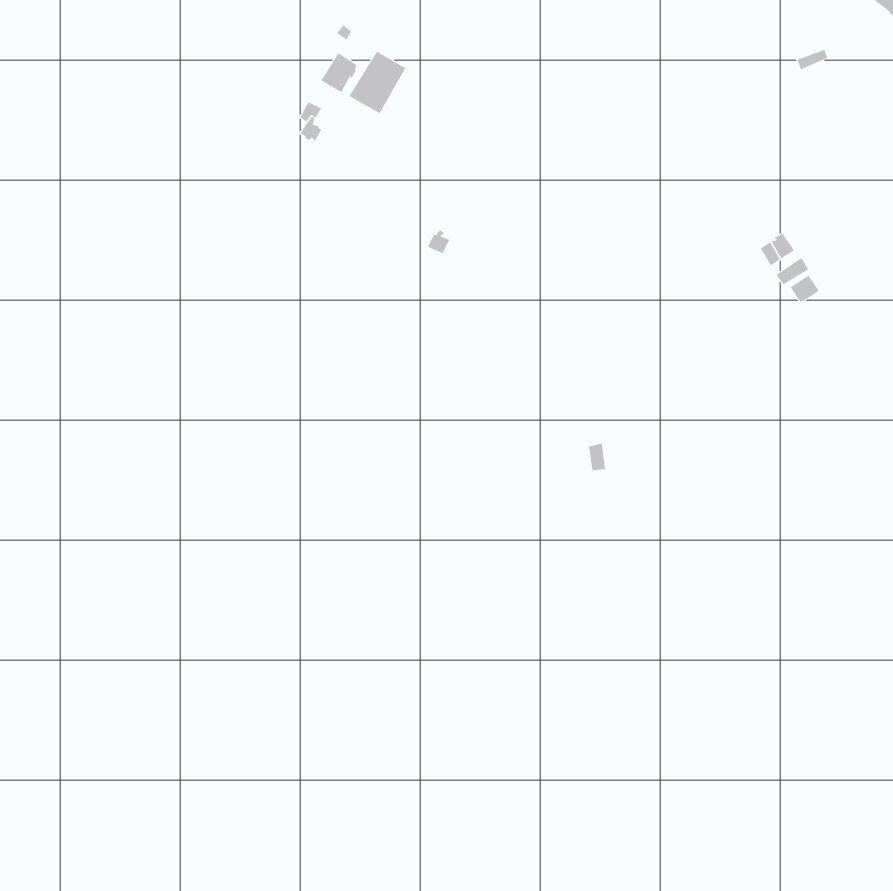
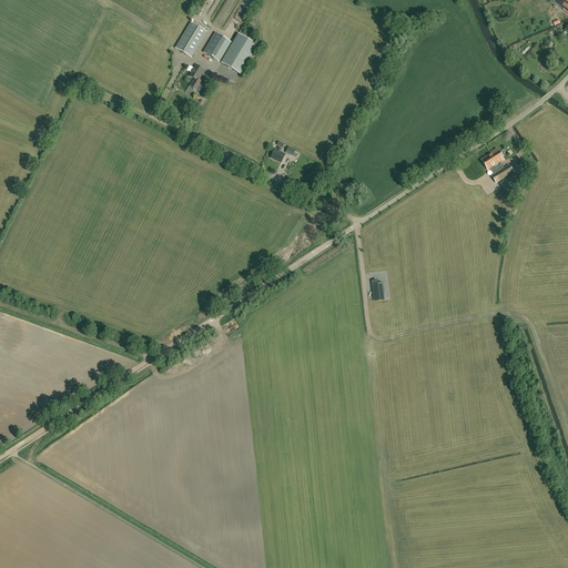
building: none -> [176,21,207,55]

